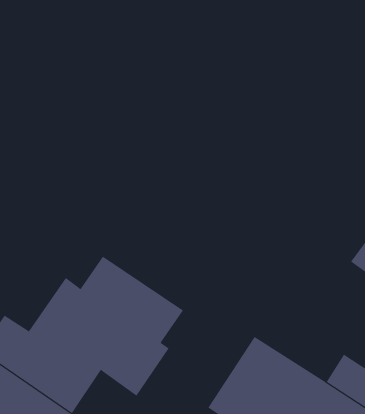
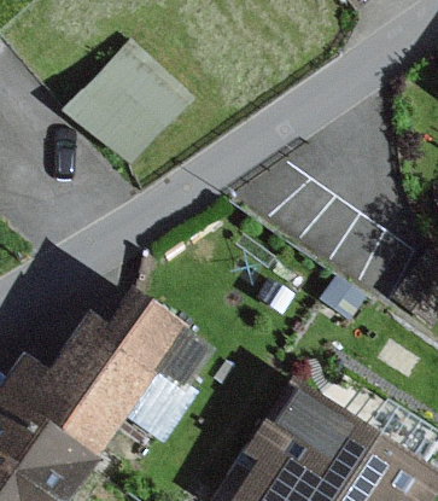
building: none -> [66,36,197,168]

